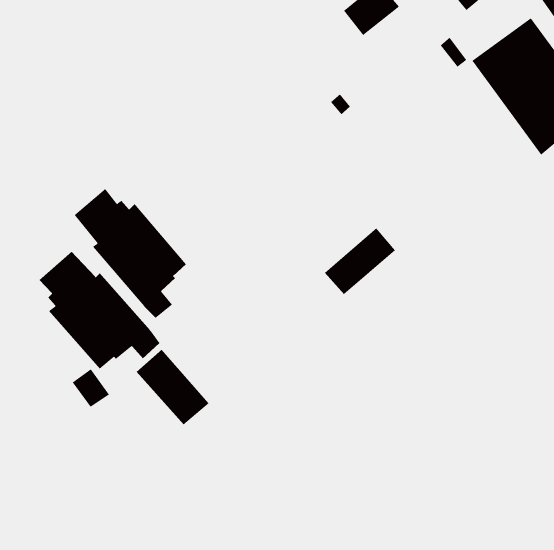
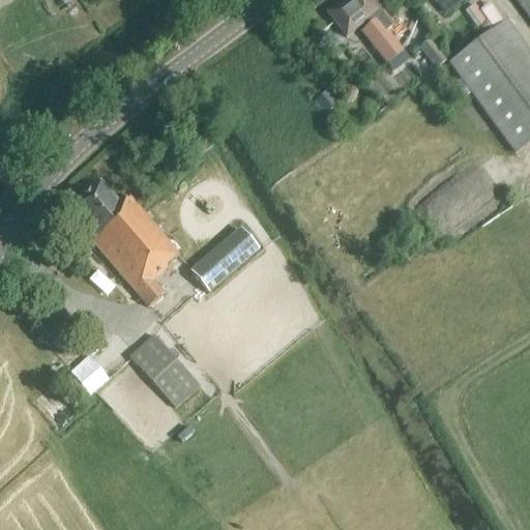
building: none -> [360,14,409,68]
building: [324,227,396,295] -> [192,226,260,290]
building: [38,251,160,369] -> none

